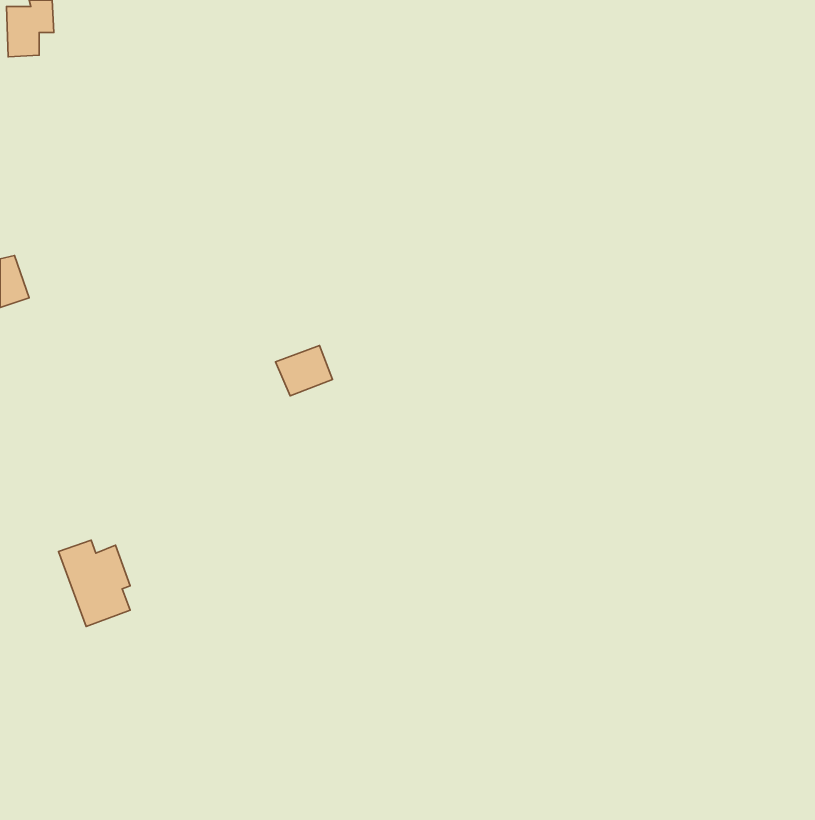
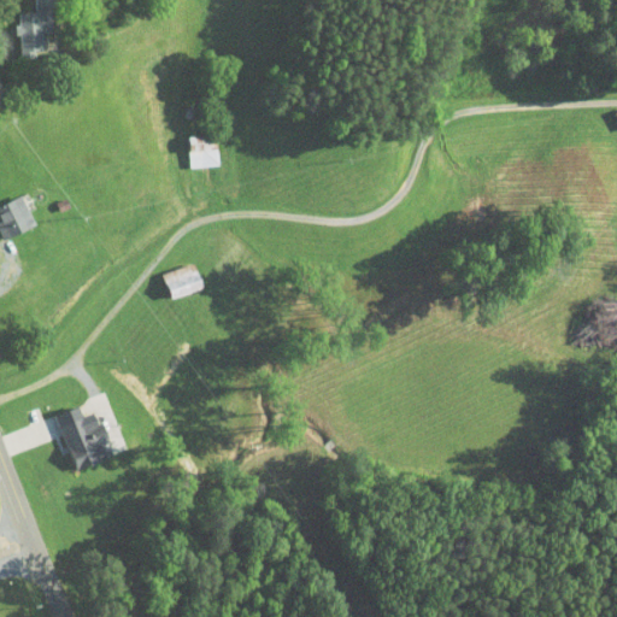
building: none -> [187,135,218,169]
building: [275,345,332,396] -> [161,263,204,300]

